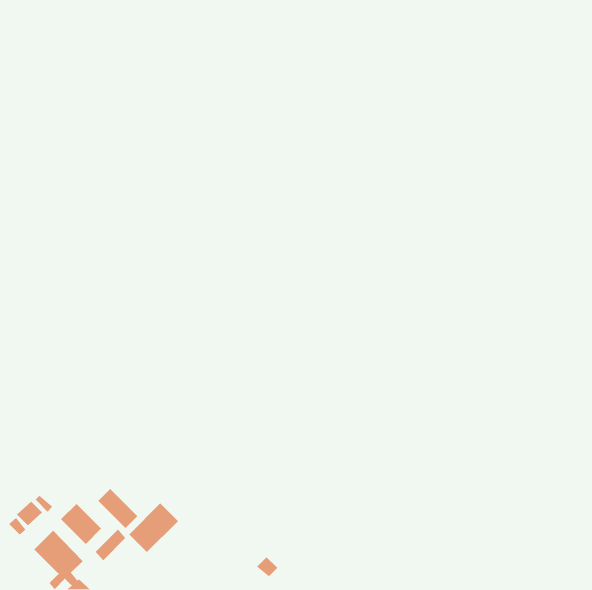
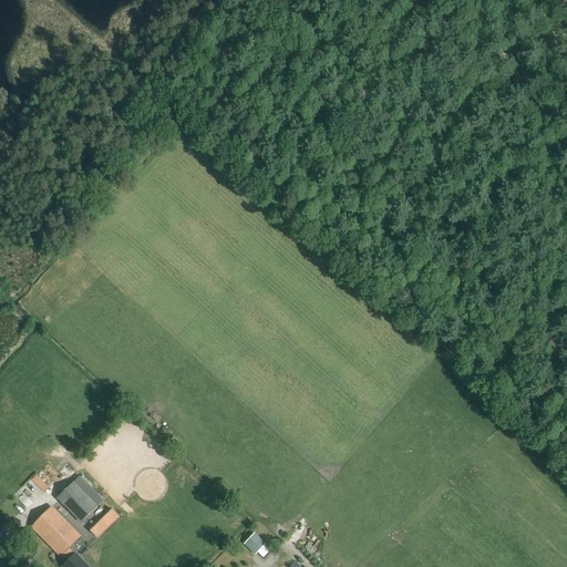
building: [98,488,138,529] -> none
building: [128,503,179,553] -> none

